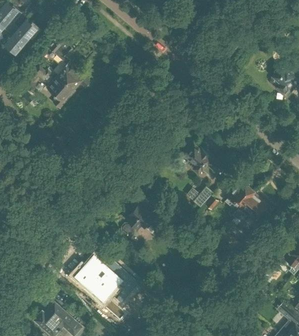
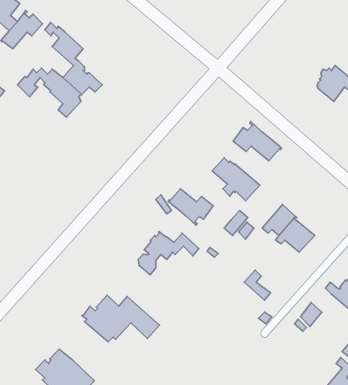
building: none -> [233,121,282,161]
building: none -> [168,189,213,225]

